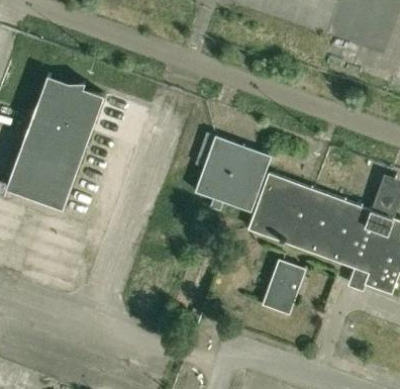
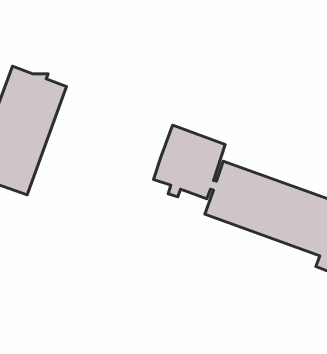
building: [263,261,304,314] -> none

